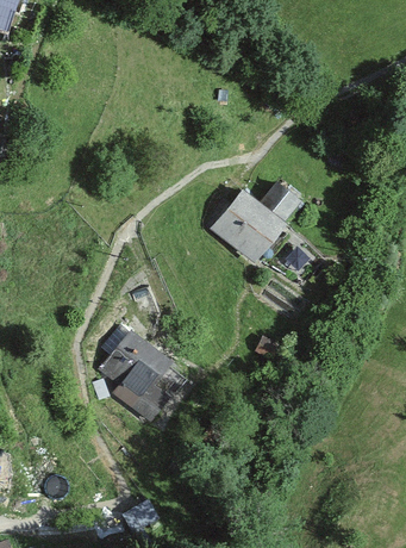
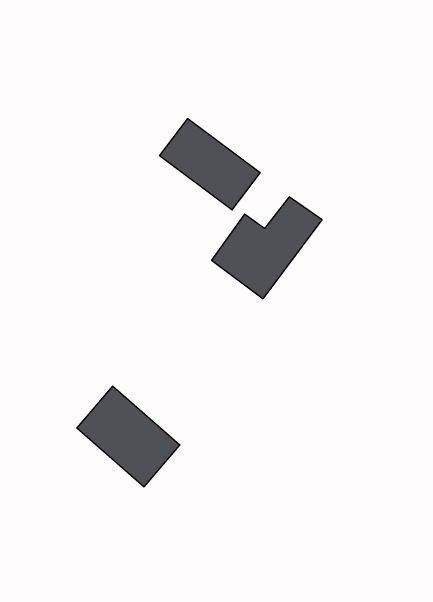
building: none -> [160,119,260,210]

